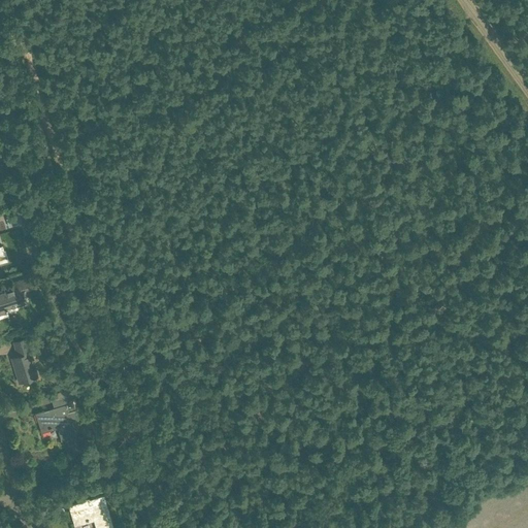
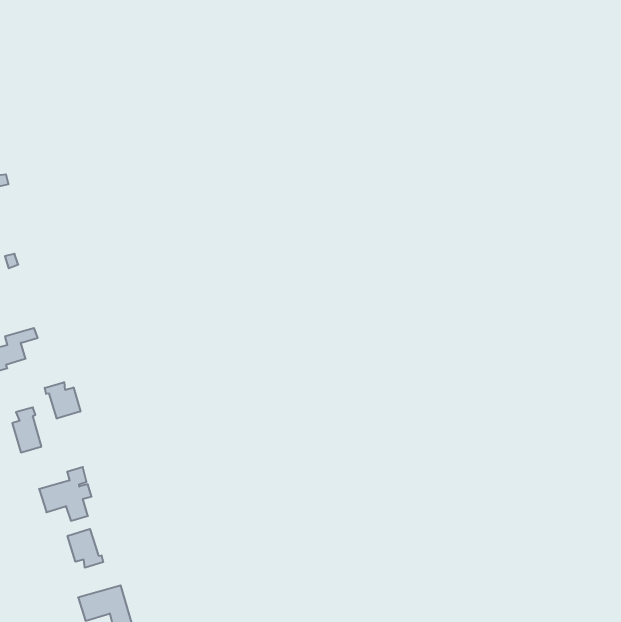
building: none -> [45,382,80,419]
building: none -> [68,529,103,568]

